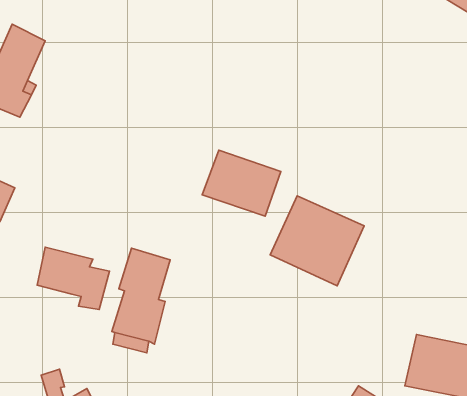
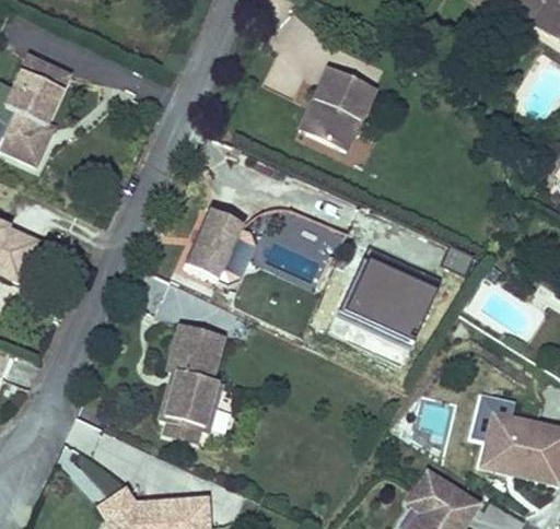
building: none -> [308,71,374,153]
building: none -> [191,219,248,287]
building: [37,247,110,310] -> none

